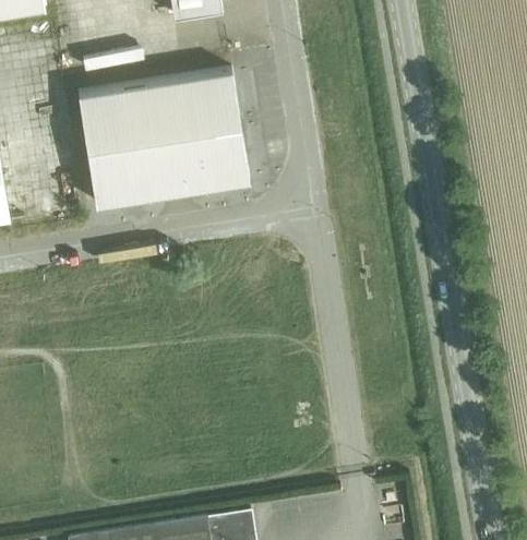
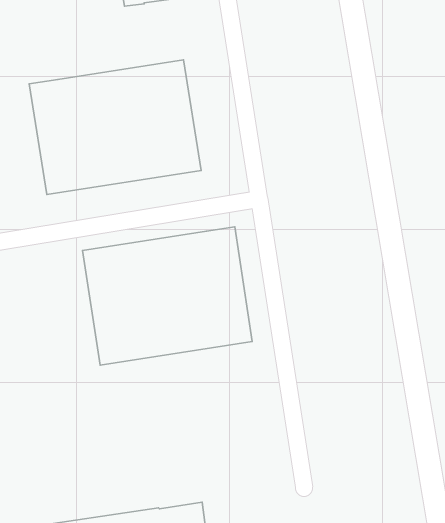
building: none -> [83,227,252,365]

